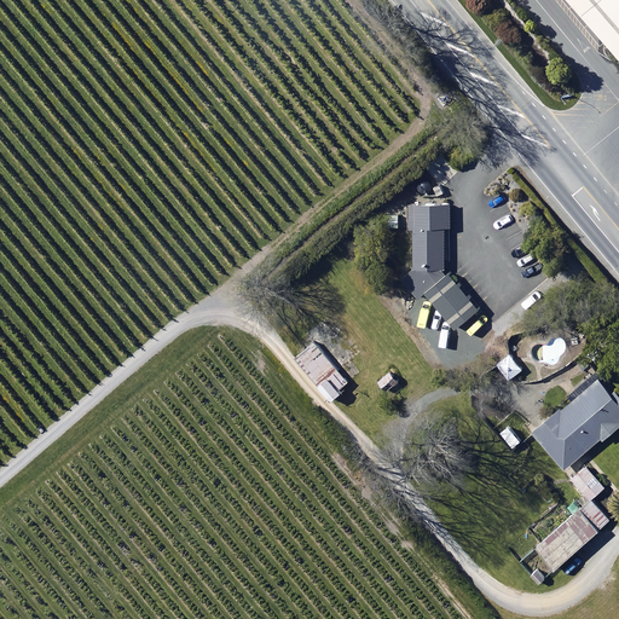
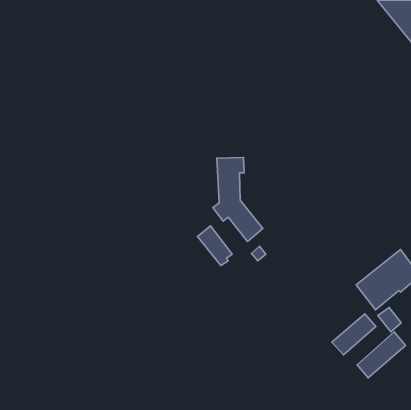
building: [404,204,479,330] -> [213,157,263,241]
building: none -> [332,314,376,355]

